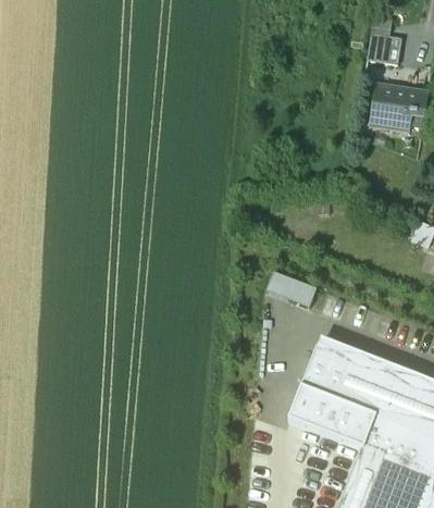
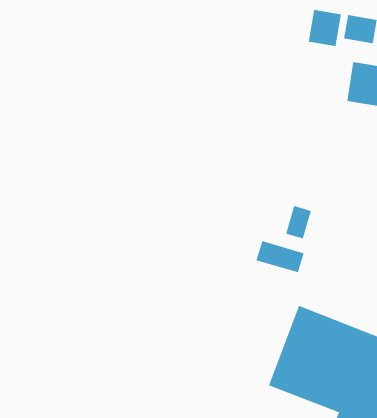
building: none -> [308,9,341,47]
building: none -> [285,205,312,239]

